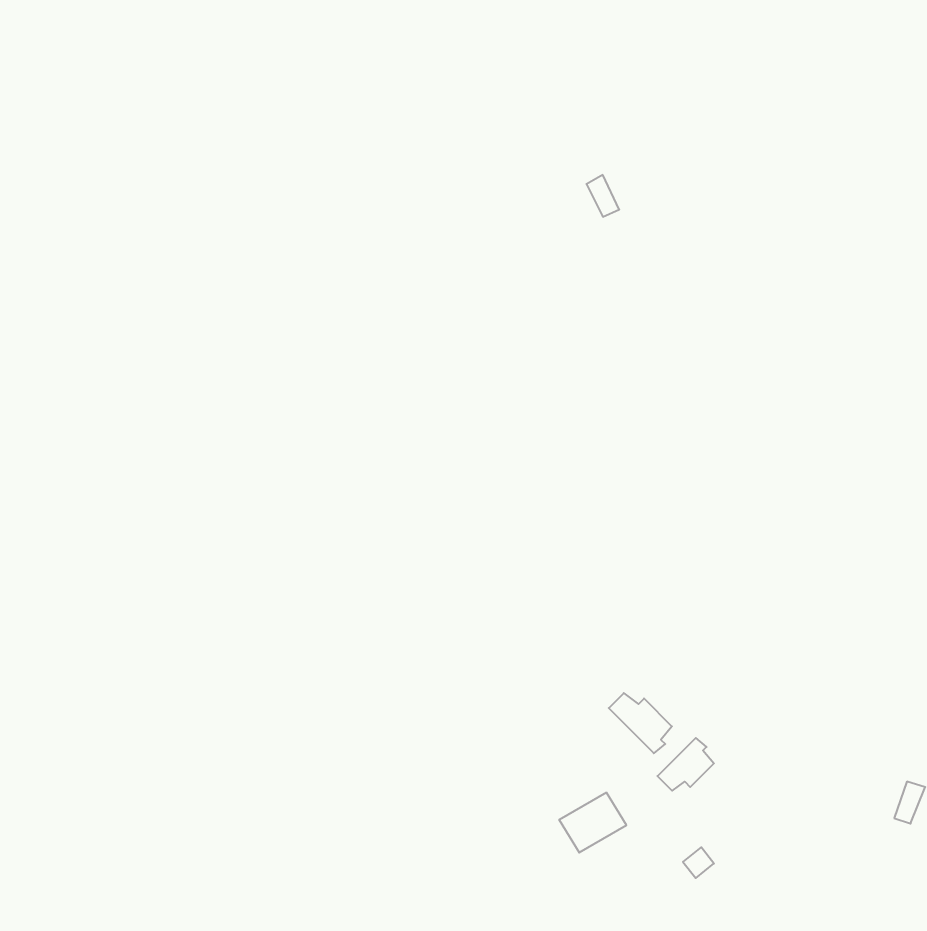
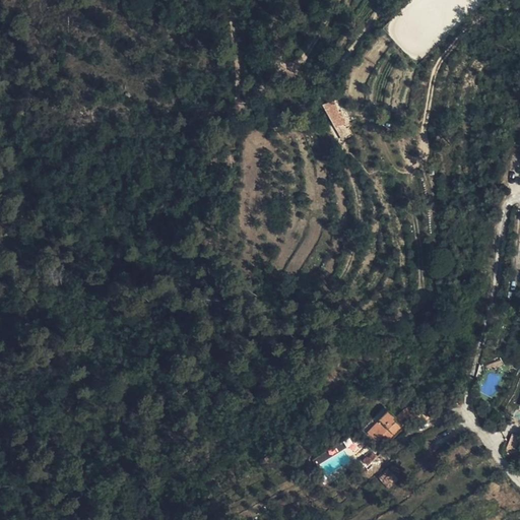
building: [609,693,672,753] -> none

